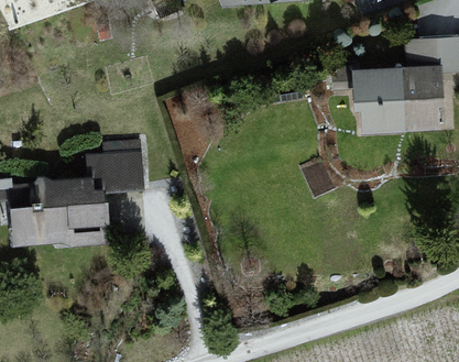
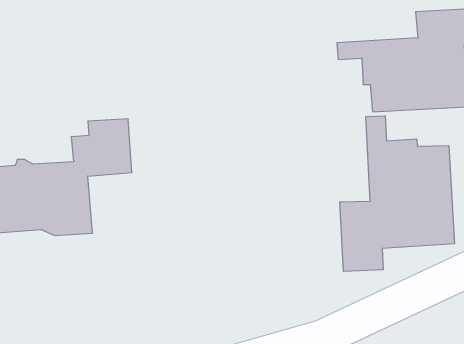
building: none -> [340,116,454,271]

